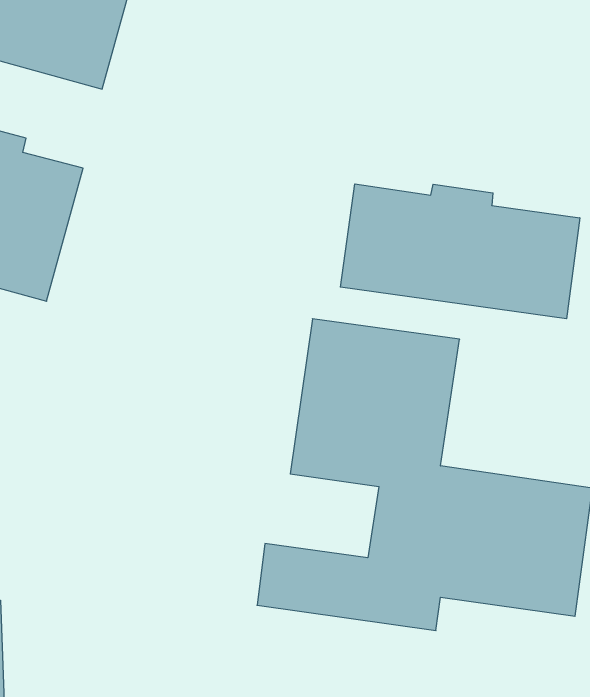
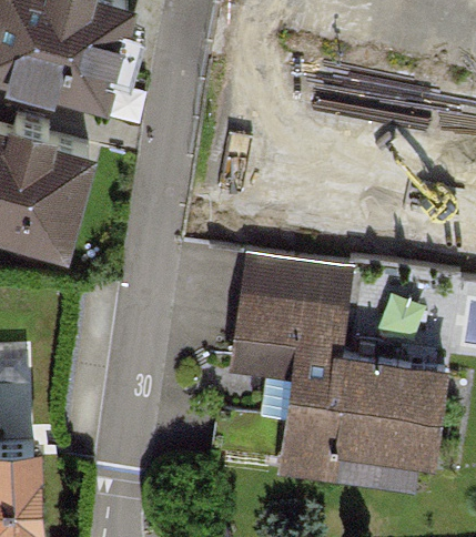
building: [340,184,580,319] -> none

